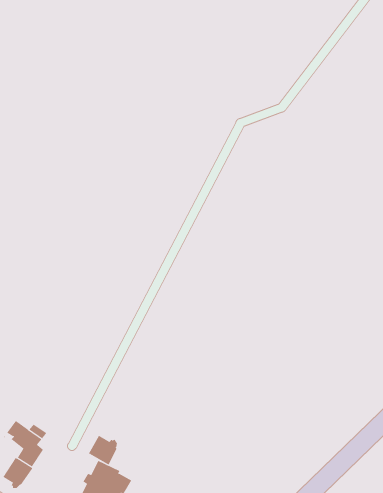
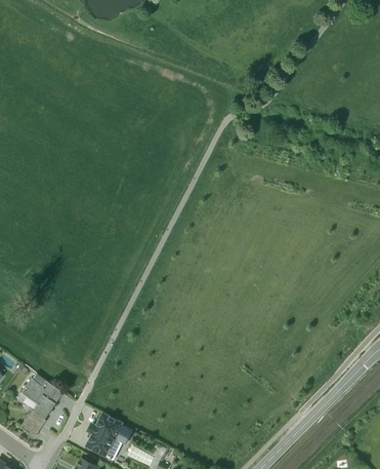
building: [88,435,118,465] -> none

